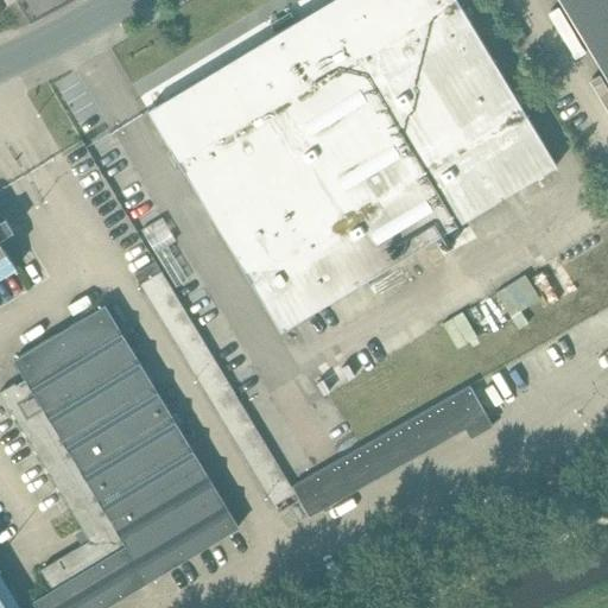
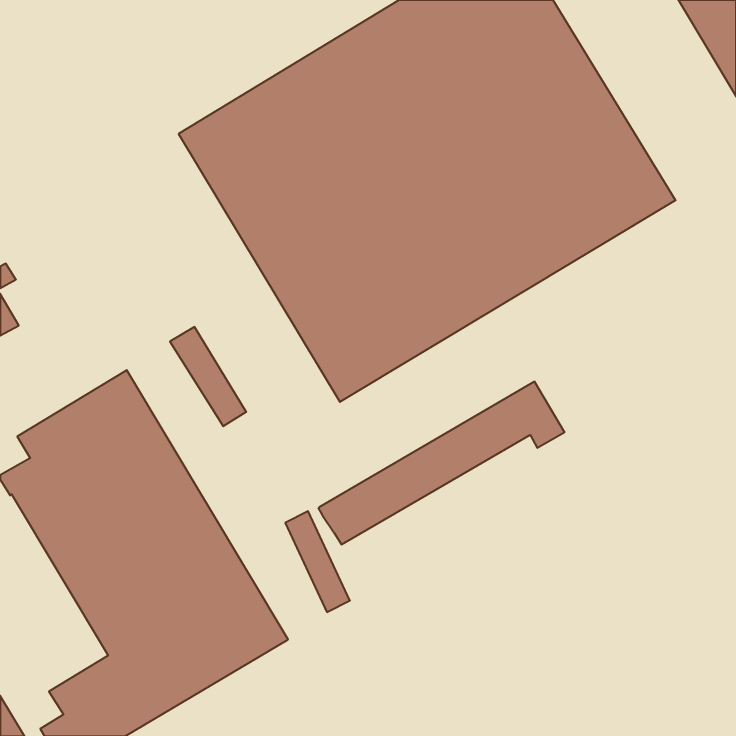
building: [290,384,493,518] -> [318,382,565,544]

